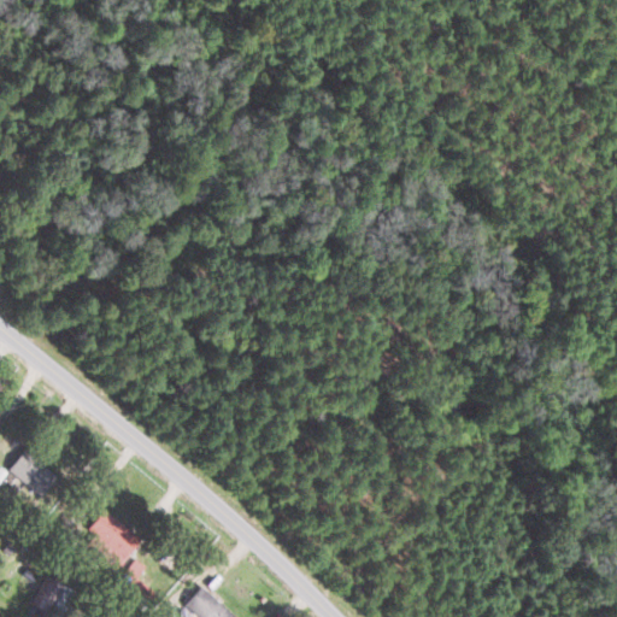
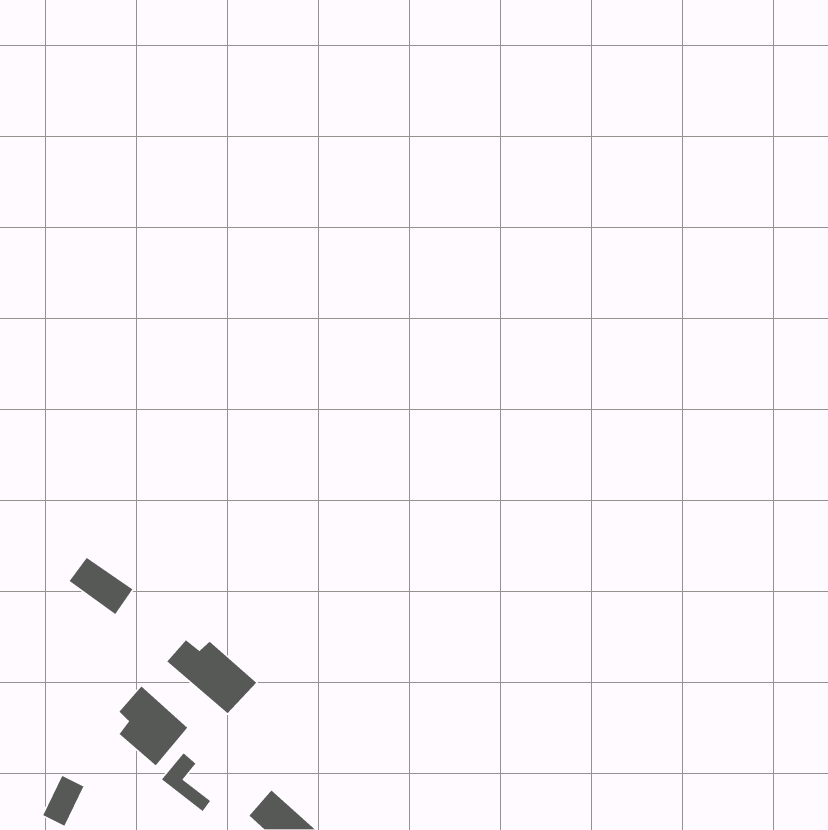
building: [8,452,57,495] -> [68,557,133,615]
building: none -> [166,639,257,714]

